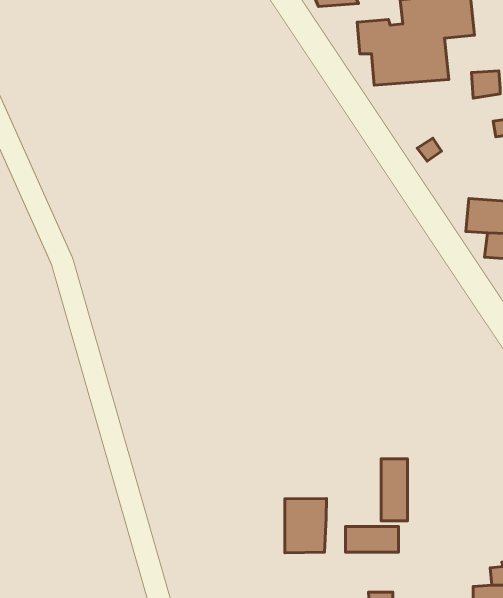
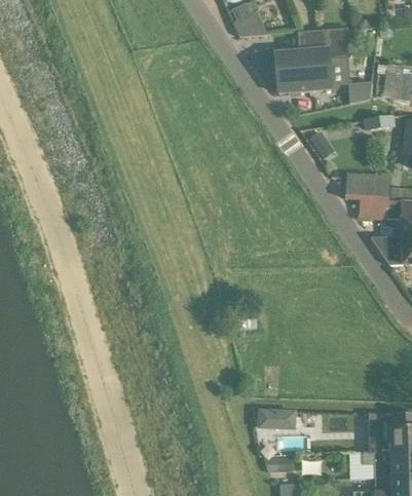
building: [381,459,408,521] -> none
building: [285,498,326,553] -> none

